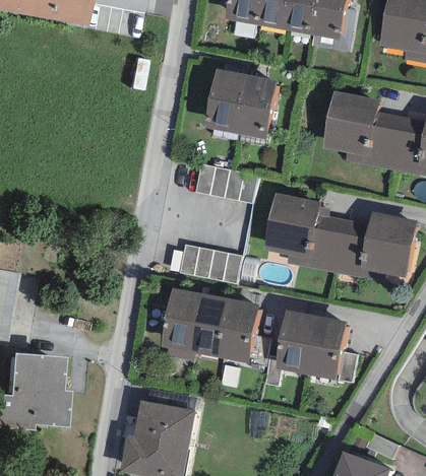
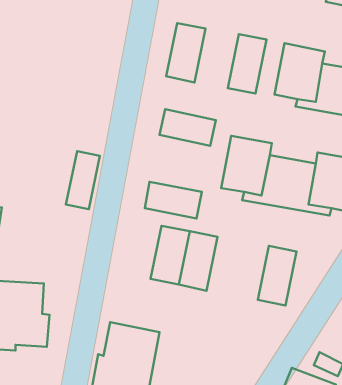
building: [234,74,277,140] -> [228,34,266,94]
building: [160,287,197,351] -> [66,151,100,209]
building: [272,309,316,375] -> none

